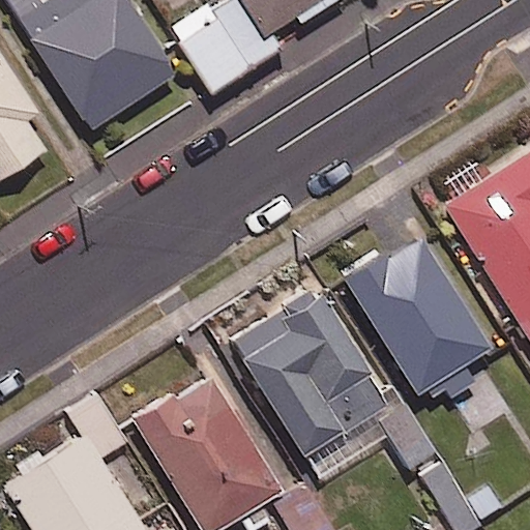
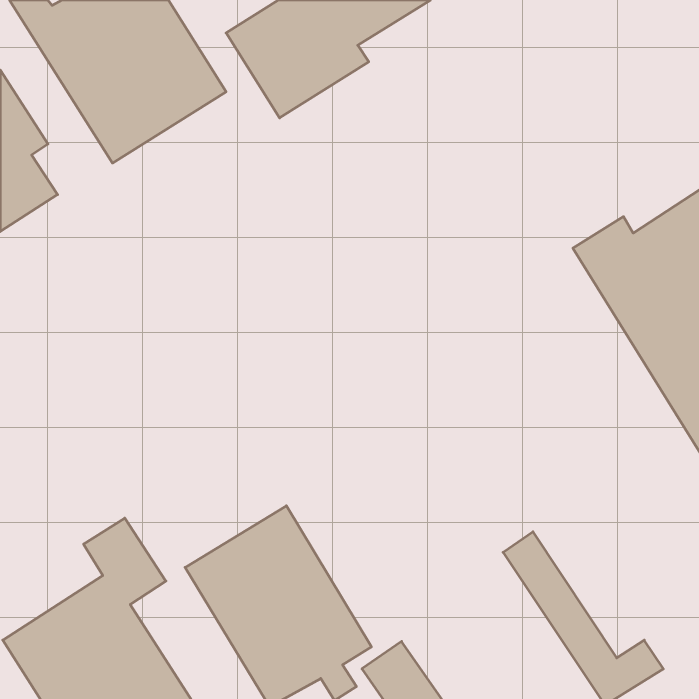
building: [343,234,490,394] -> none
building: [232,287,389,454] -> none

